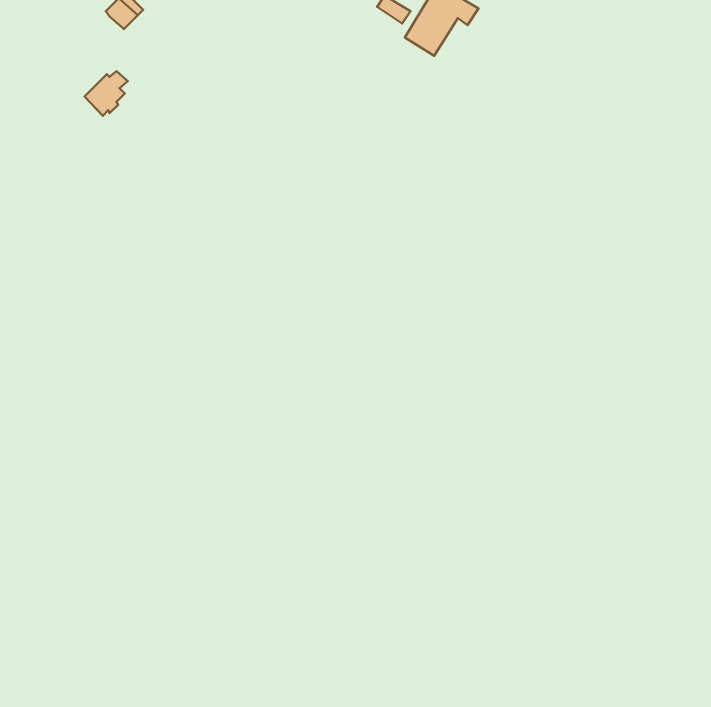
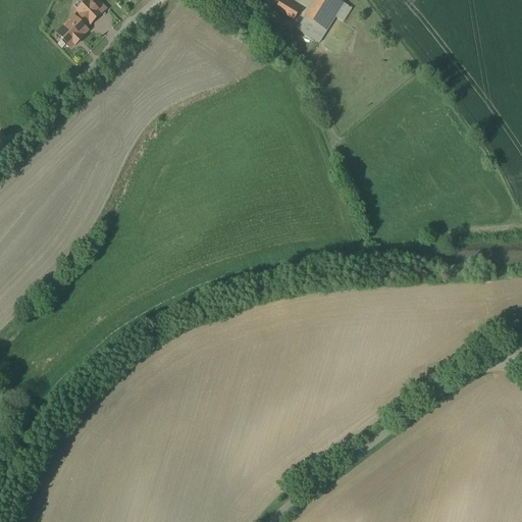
building: [85,71,128,116] -> [57,12,89,45]

